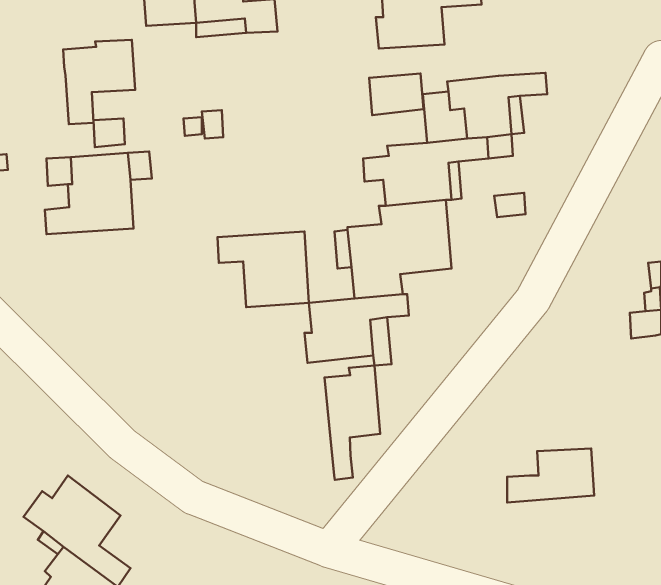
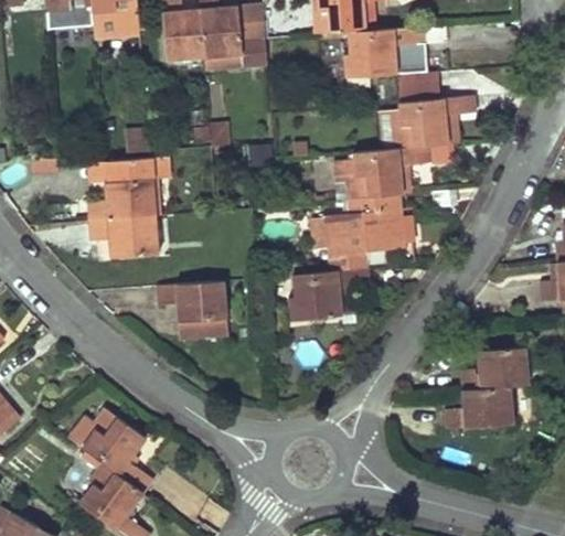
building: [63,40,135,124] -> none
building: [369,74,423,115] -> [396,71,438,103]
building: none -> [88,216,159,257]
building: [218,231,309,307] -> [157,281,227,340]
building: [325,366,380,480] -> none
building: none -> [460,346,529,389]

